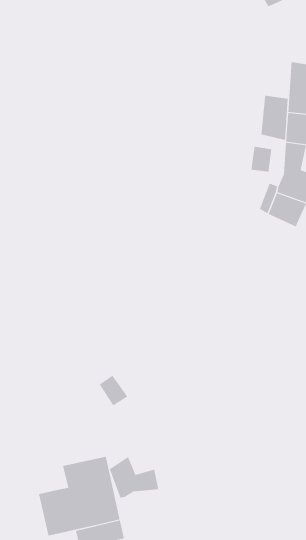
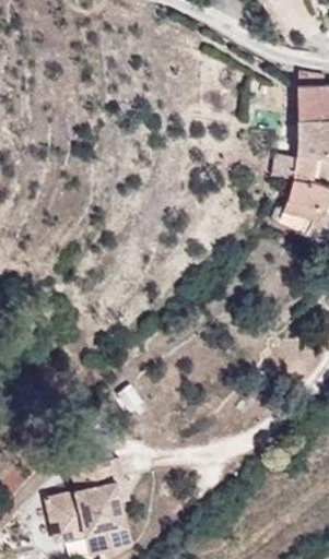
building: [261,95,288,141] -> none
building: [109,456,159,499] -> none

